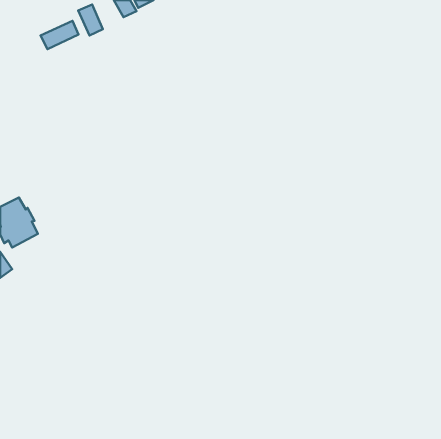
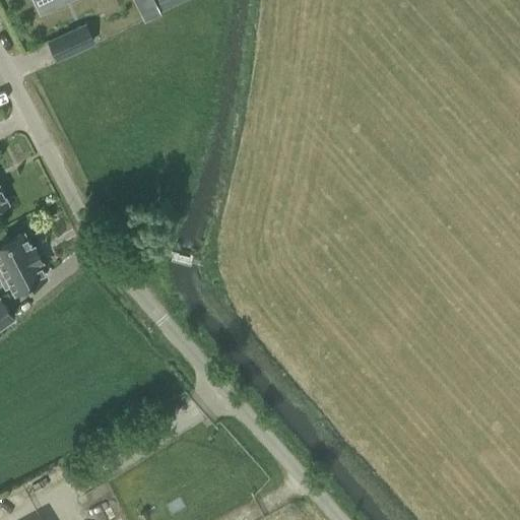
building: [78,5,103,36] -> none

